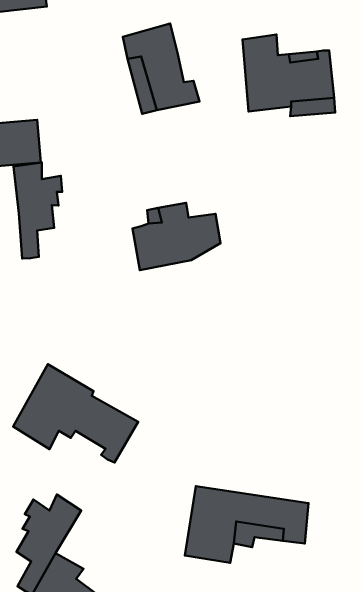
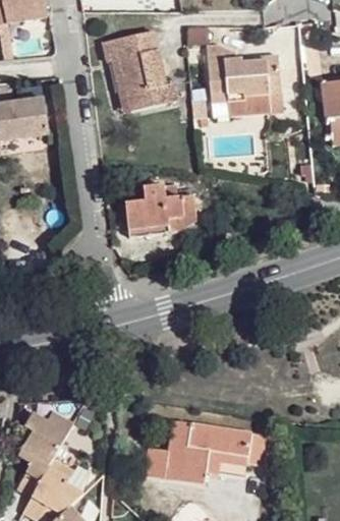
building: [14,162,62,259] -> none
building: [13,364,138,463] -> none

